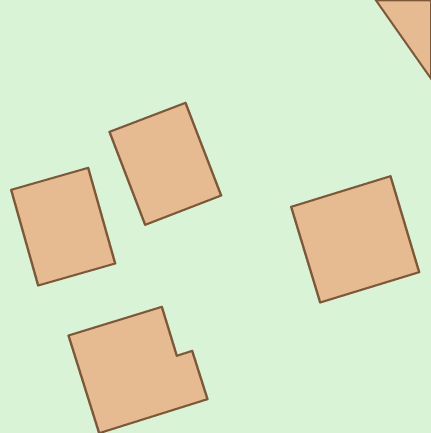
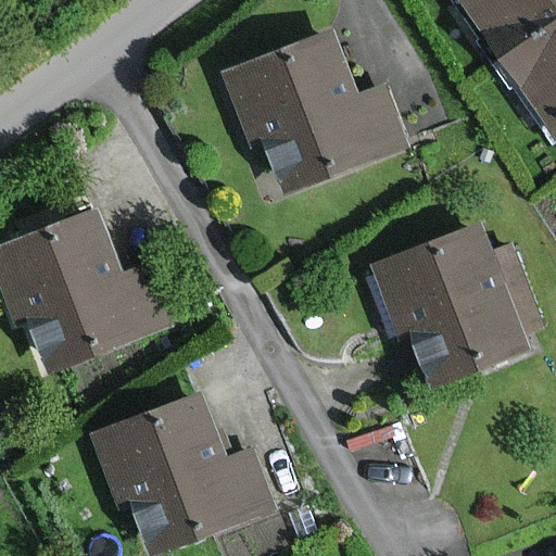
building: none -> [230,35,407,189]
building: [110,103,221,225] -> none

